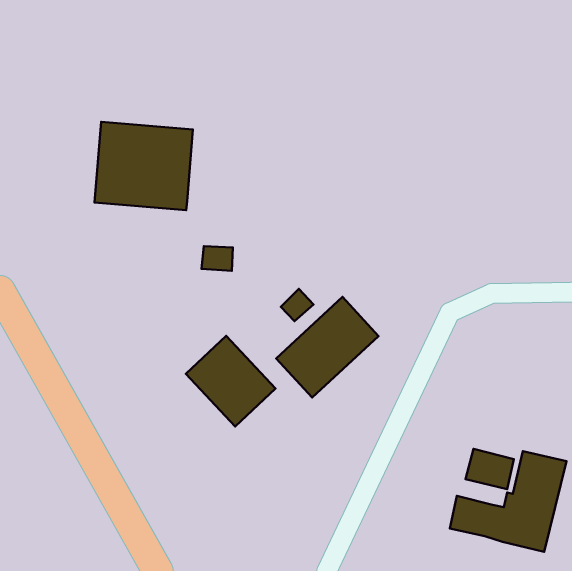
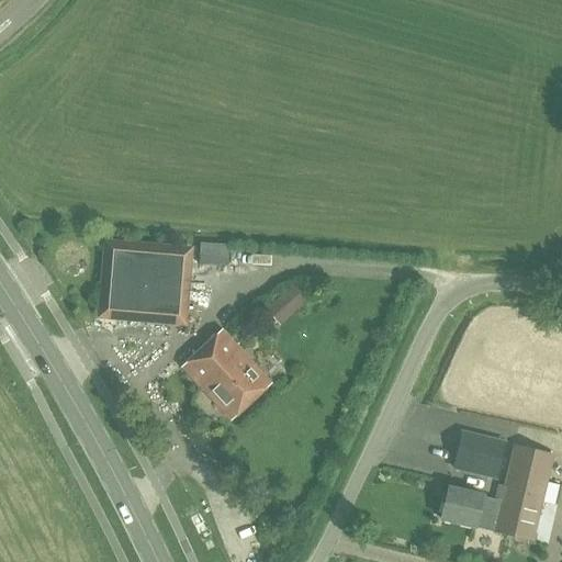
building: [94,122,193,210] -> [97,238,193,325]
building: [276,297,379,398] -> none

